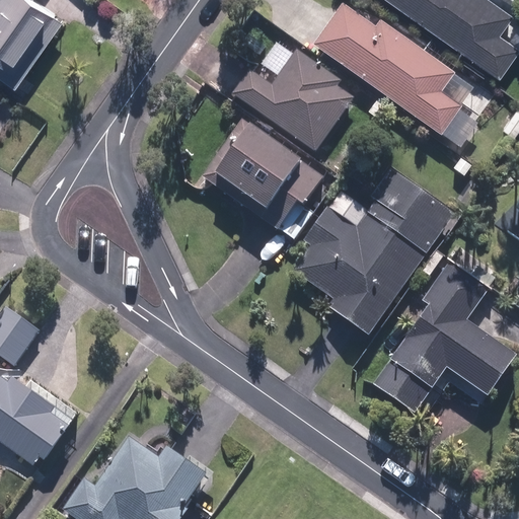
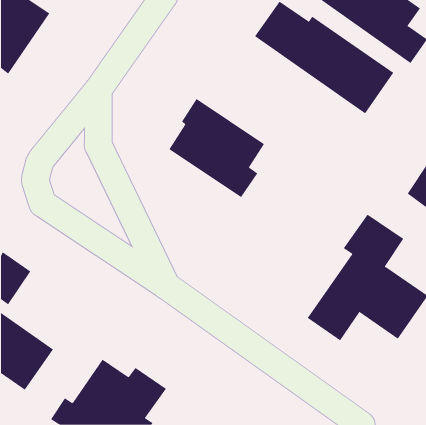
building: [230,38,352,152] -> none
building: [292,165,456,338] -> none

